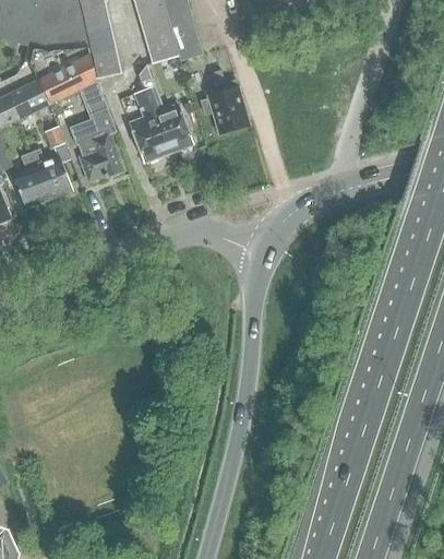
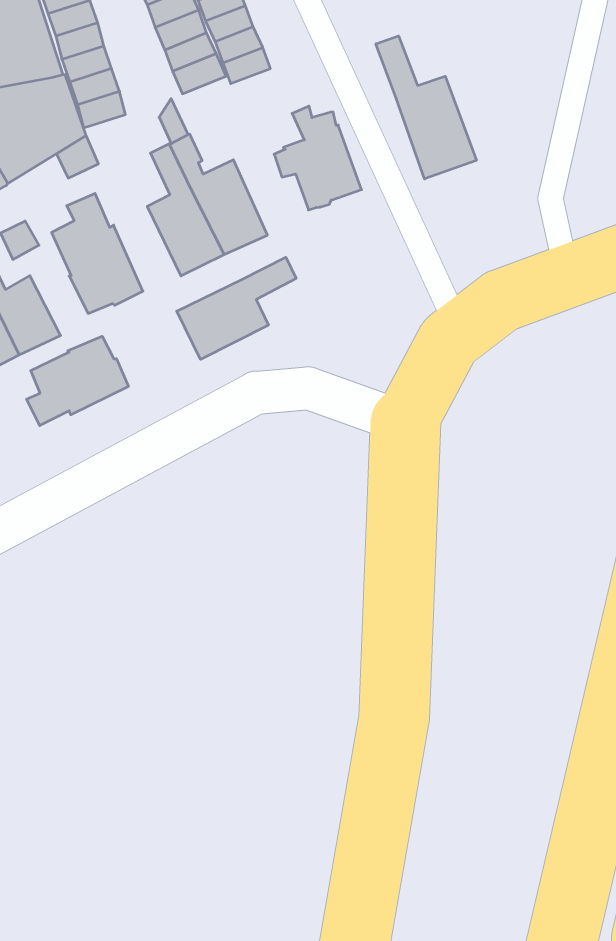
building: none -> [376,36,476,179]
building: none -> [177,257,296,359]
building: none -> [27,336,128,426]

